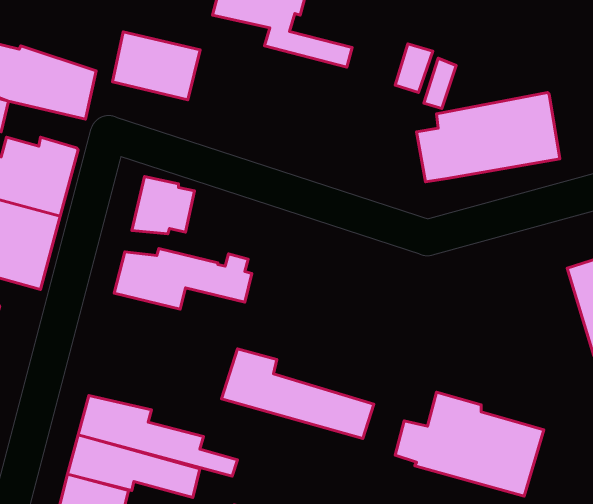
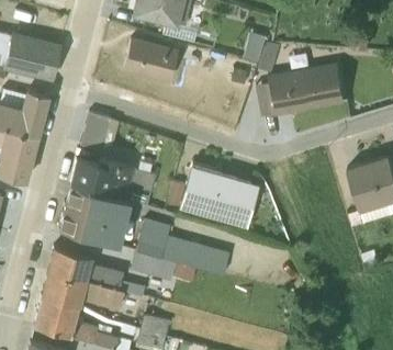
building: [112,32,200,100] -> [124,39,178,81]
building: none -> [59,185,130,245]
building: [395,392,544,496] -> [168,165,259,228]
building: none -> [131,250,177,281]

